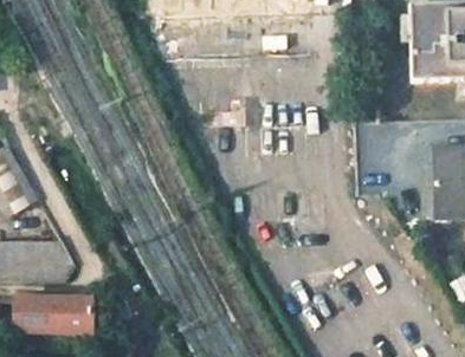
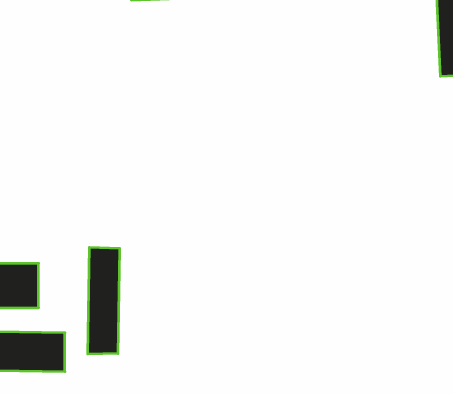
building: none -> [88,247,120,354]

